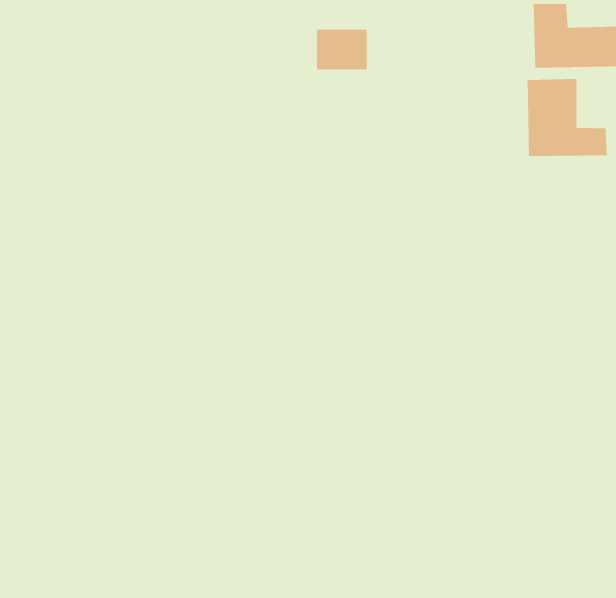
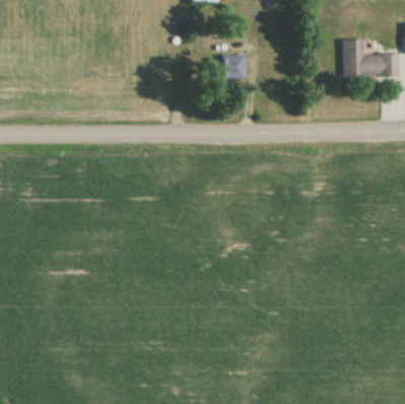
building: [527,78,607,157] -> none

